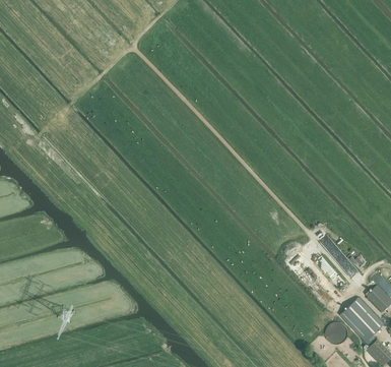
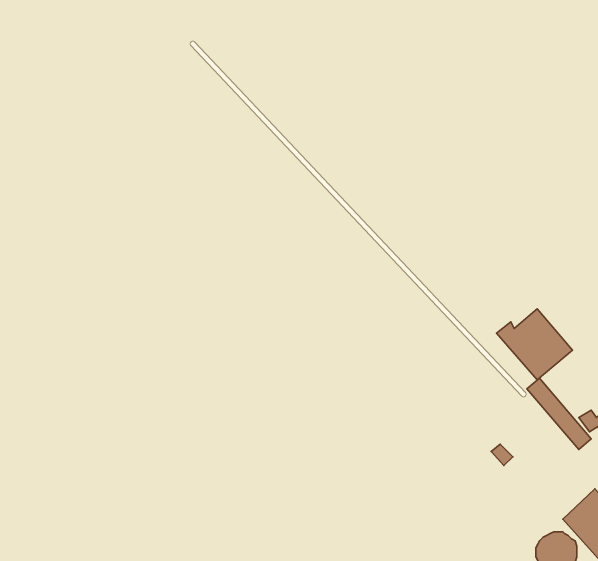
building: none -> [496,309,572,380]

